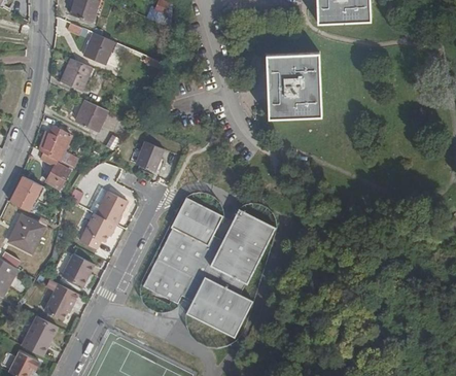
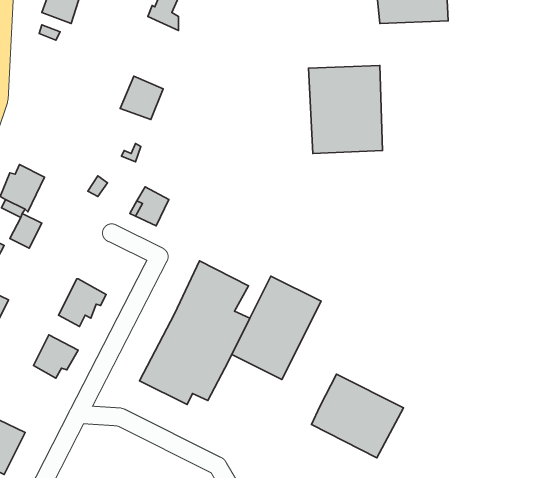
building: [82,33,114,65] -> [120,76,163,120]
building: [60,59,92,91] -> none
building: [74,100,107,132] -> none
building: [96,190,127,223] -> none
building: [185,277,253,339] -> [311,374,403,458]
building: [45,288,74,317] -> none

